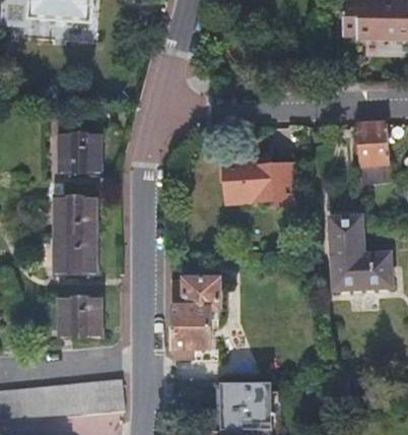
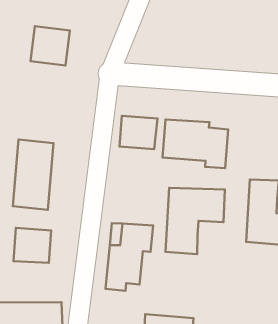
building: [59,132,100,174] -> [31,26,70,65]
building: none -> [120,116,157,149]
building: none -> [166,188,225,254]

